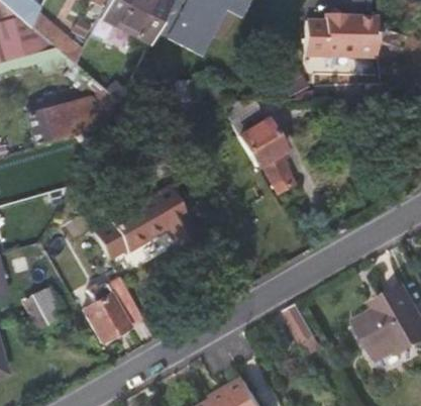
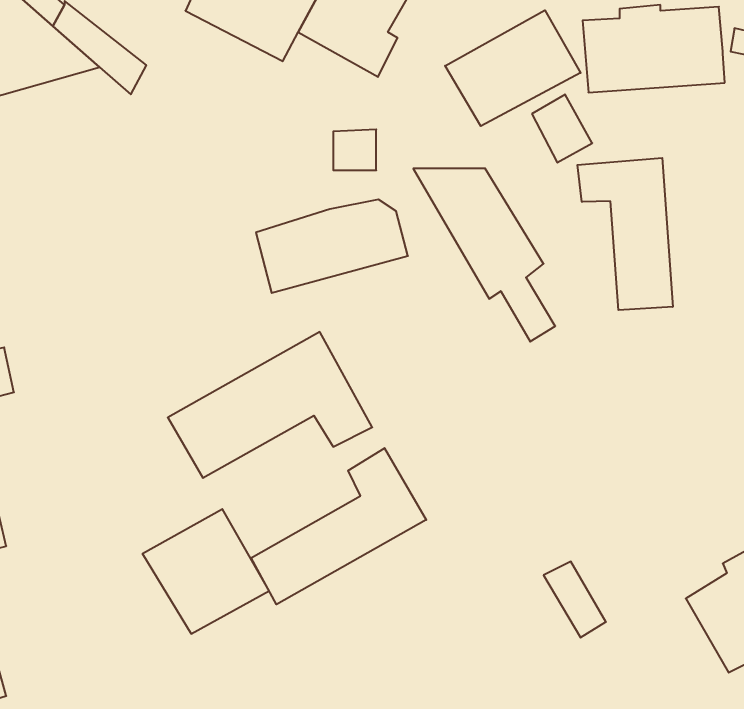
building: none -> [445,10,581,126]
building: none -> [577,158,673,310]
building: [26,96,105,144] -> [256,199,408,293]
building: none -> [251,448,426,604]
building: [21,284,64,329] -> none

